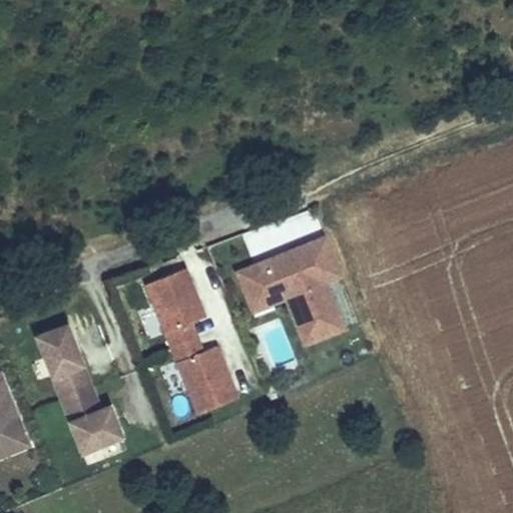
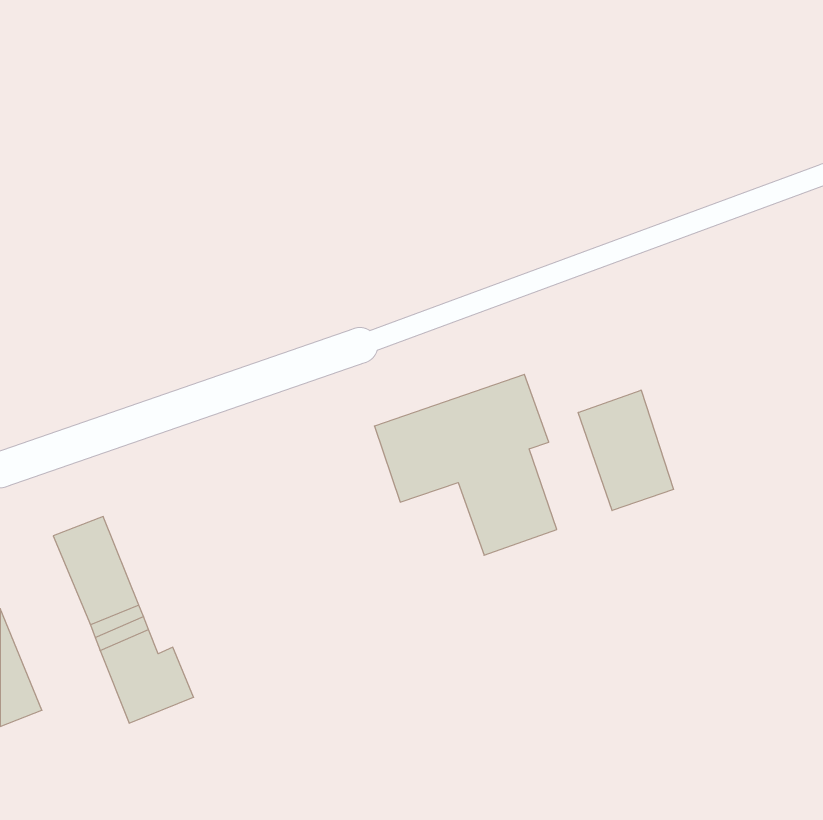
building: none -> [578,390,673,511]
building: [148,268,238,416] -> none

